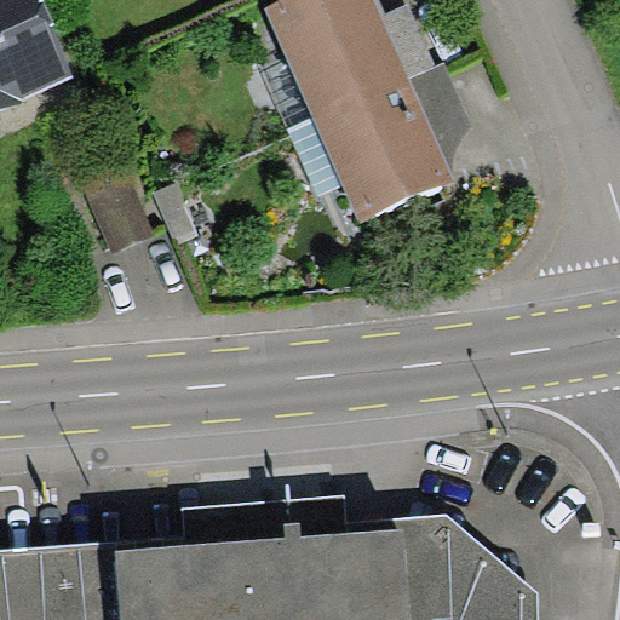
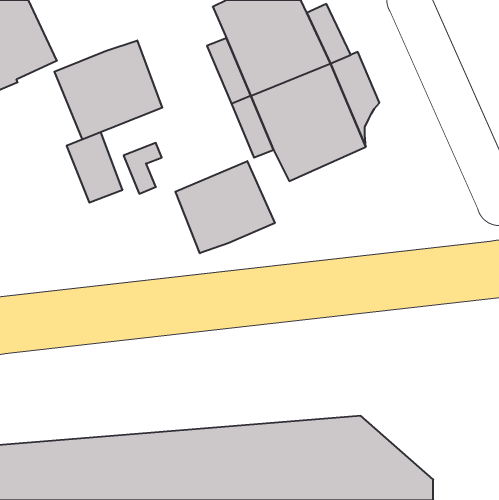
building: none -> [54,40,162,139]
building: none -> [175,161,275,253]

